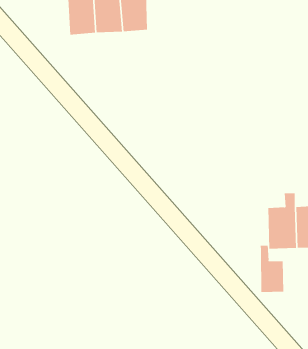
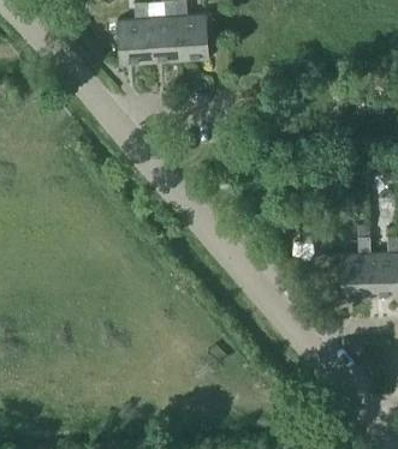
building: [260,245,284,293] -> none

